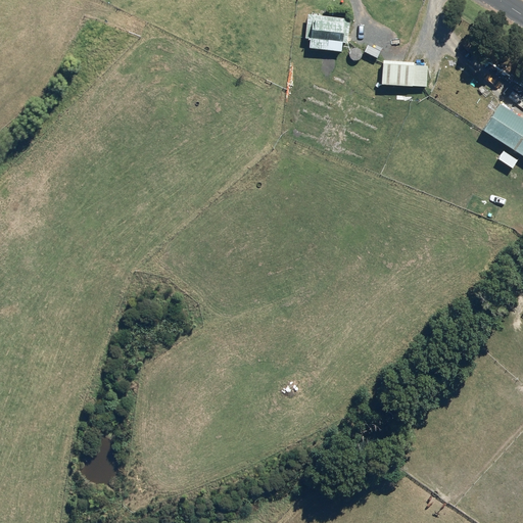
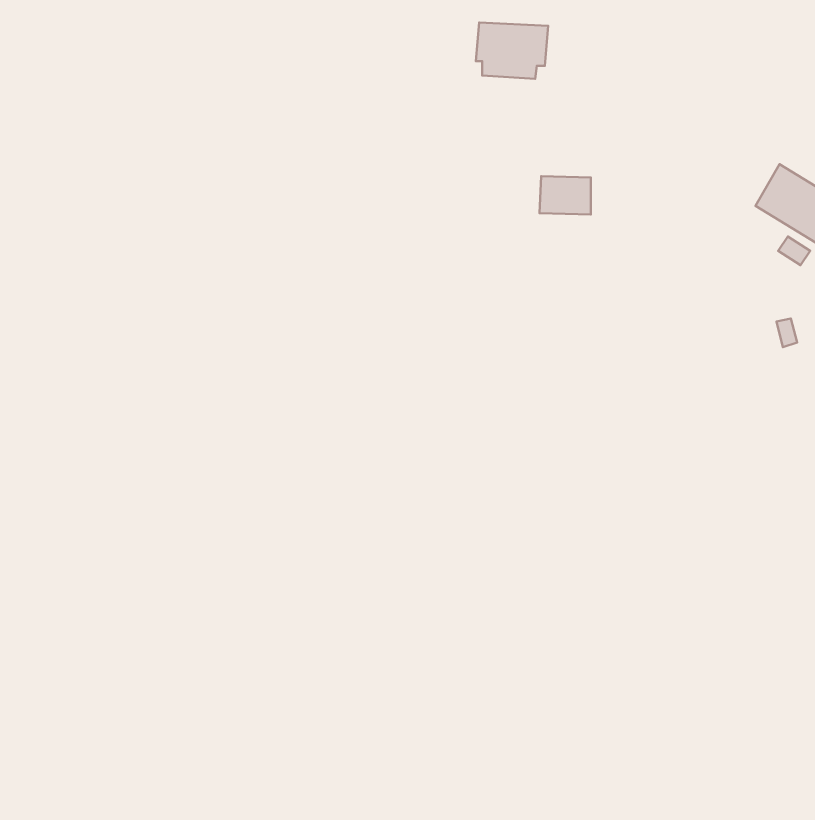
building: [382,60,415,85] -> [540,176,591,215]

